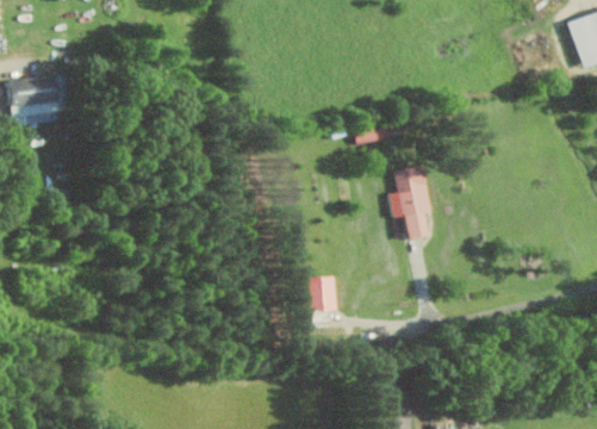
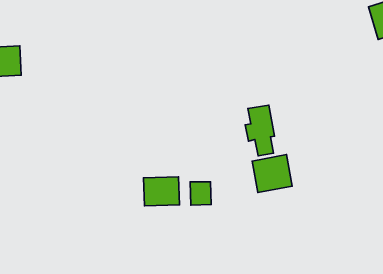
building: none -> [252,155,292,193]
building: none -> [143,177,179,206]

